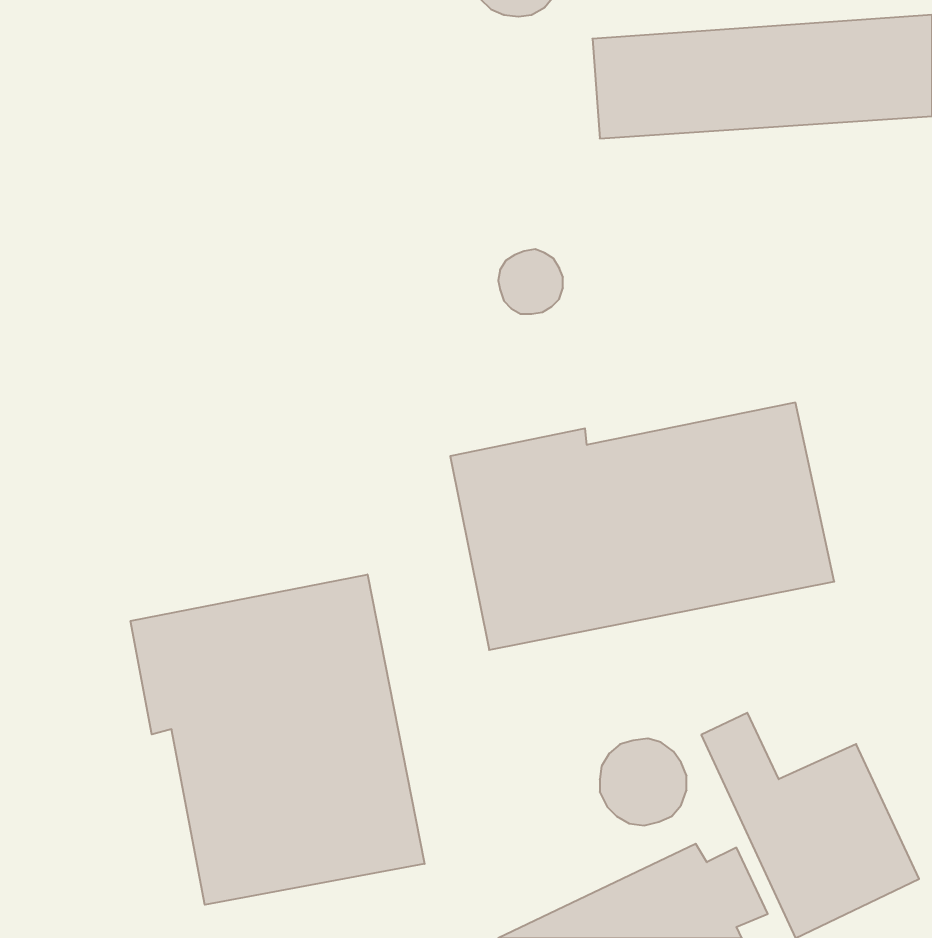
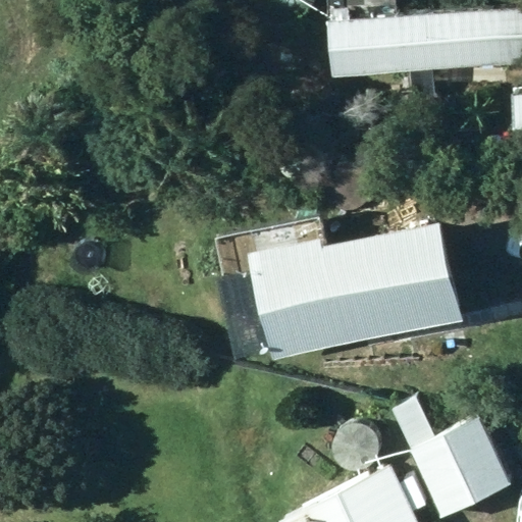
building: [131,574,425,905] -> none

